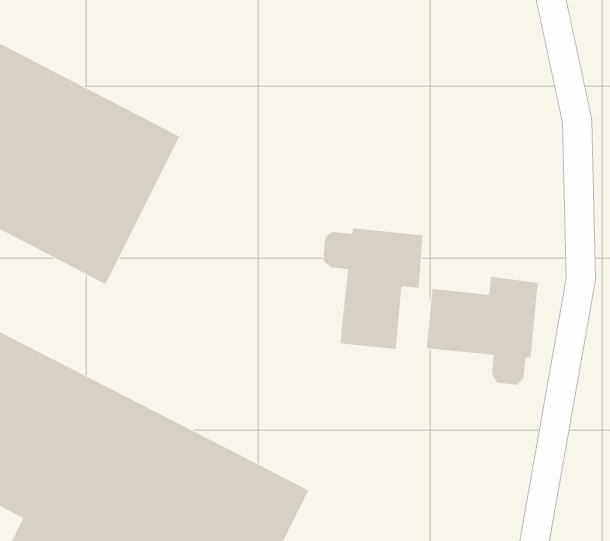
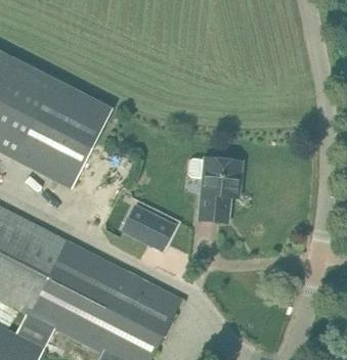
building: [426,276,538,386] -> none
building: none -> [123,206,175,251]

